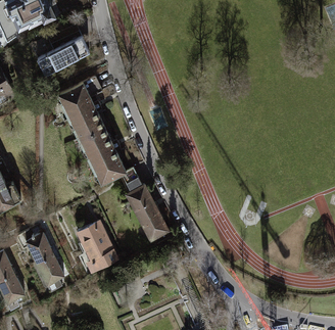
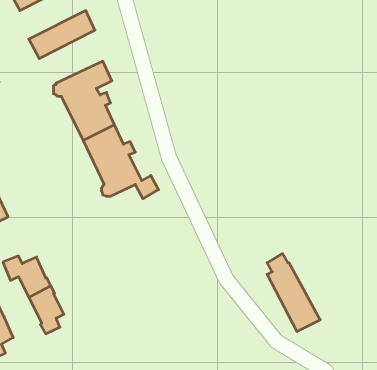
building: [126,178,168,239] -> [267,254,320,332]
building: [77,221,114,270] -> none

